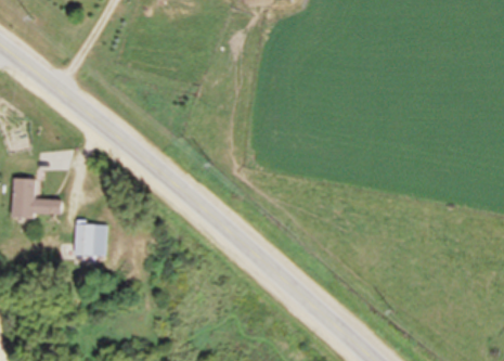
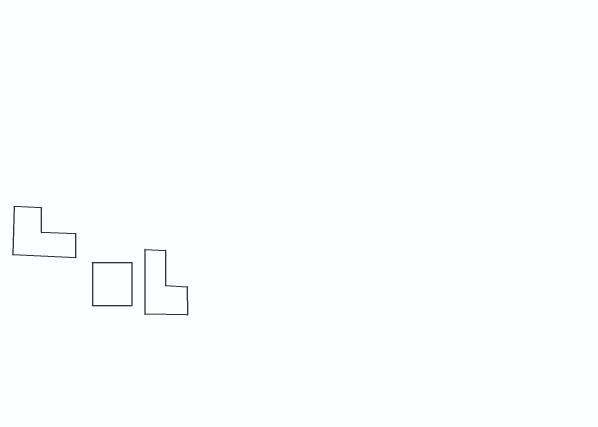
building: none -> [145,249,187,315]

